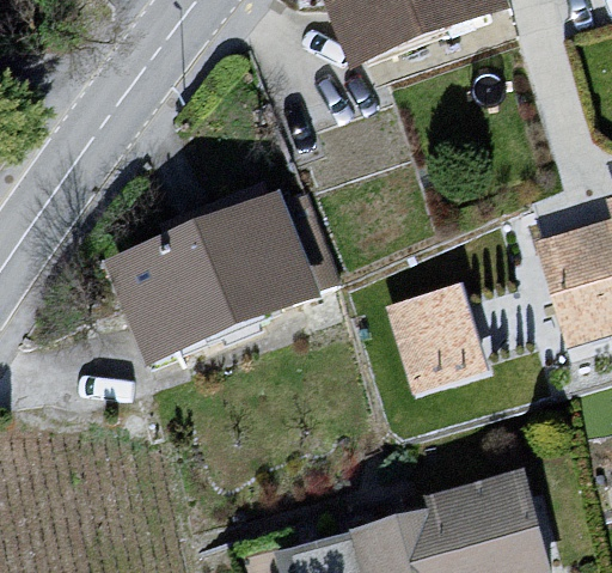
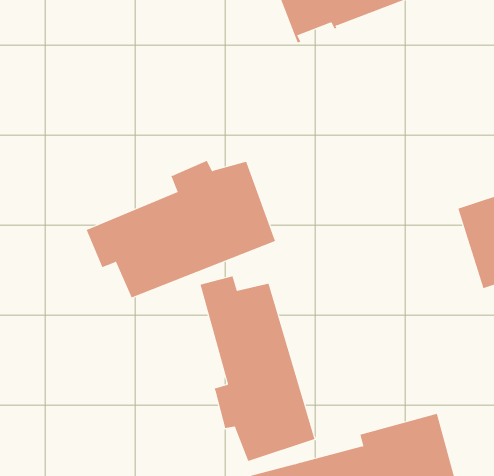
building: [390,295,473,388] -> none
building: none -> [200,275,315,462]

